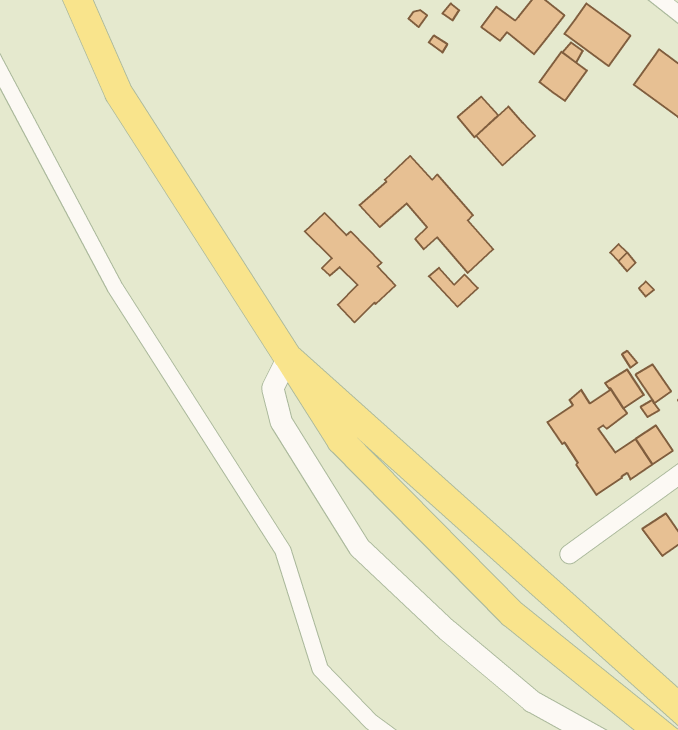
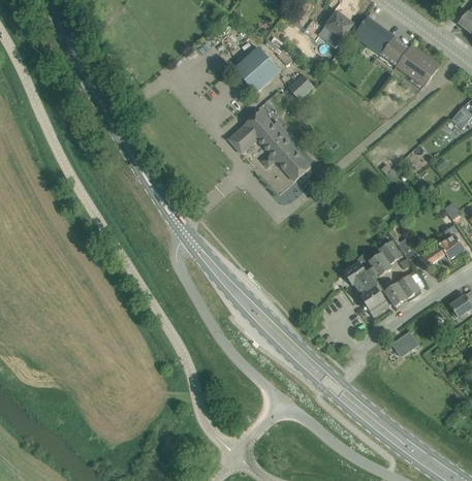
building: [539,52,587,101] -> [380,36,409,66]
building: none -> [234,46,280,92]
building: [476,106,535,165] -> none
building: [305,213,395,322] -> none

